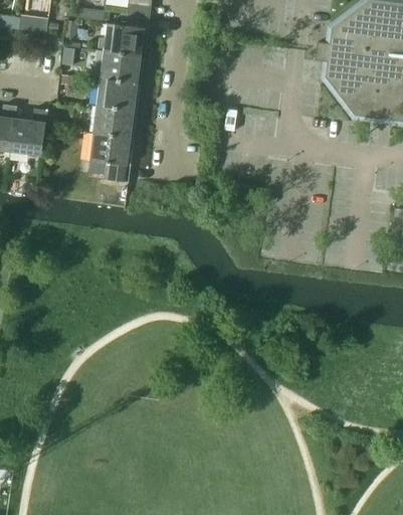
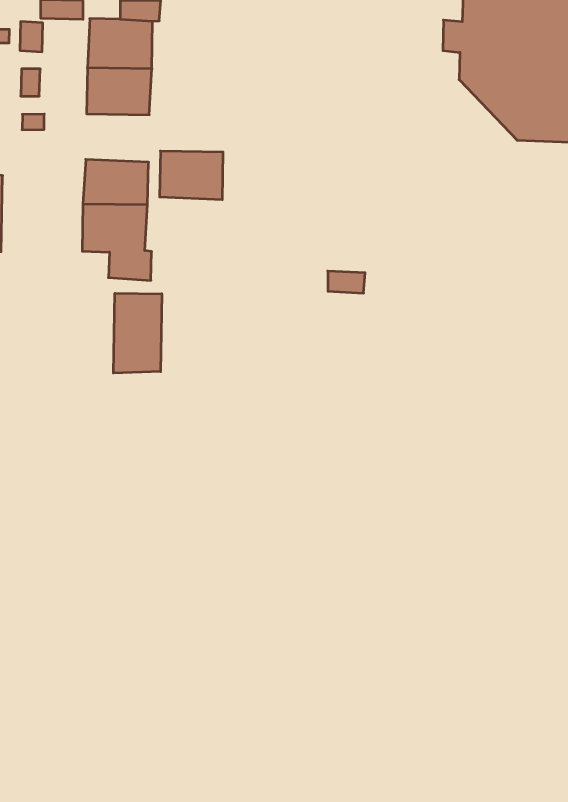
building: [96,77,137,110] -> [160,151,223,200]
building: none -> [113,293,162,373]

